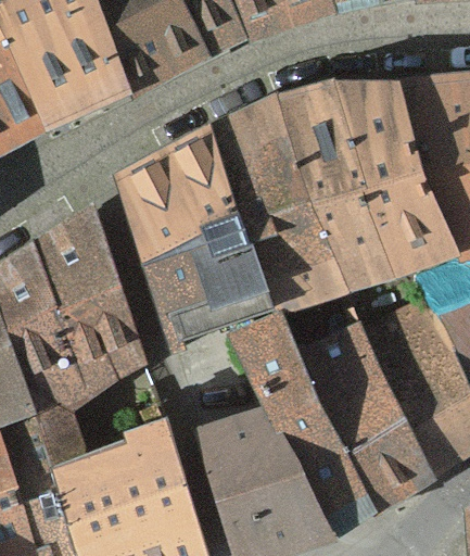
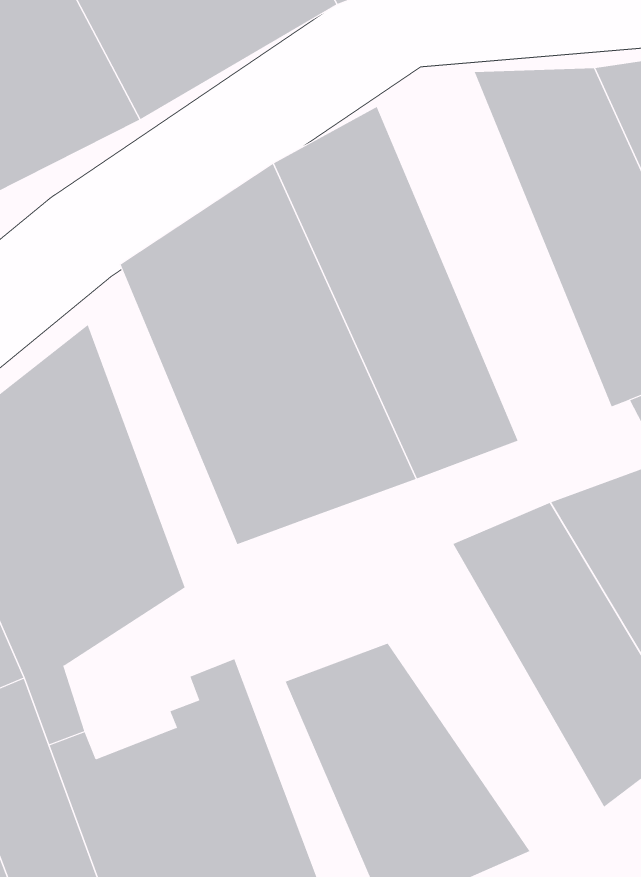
building: [277,75,402,292] -> none
building: [218,311,382,532] -> none

